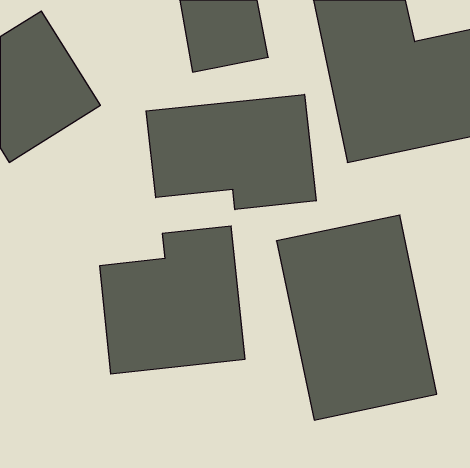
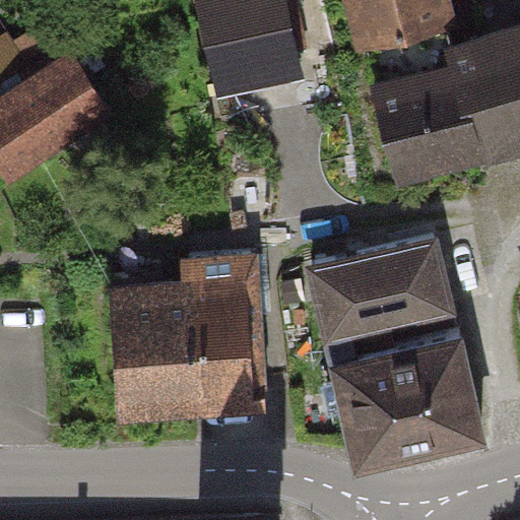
building: [146,94,316,210] -> none

